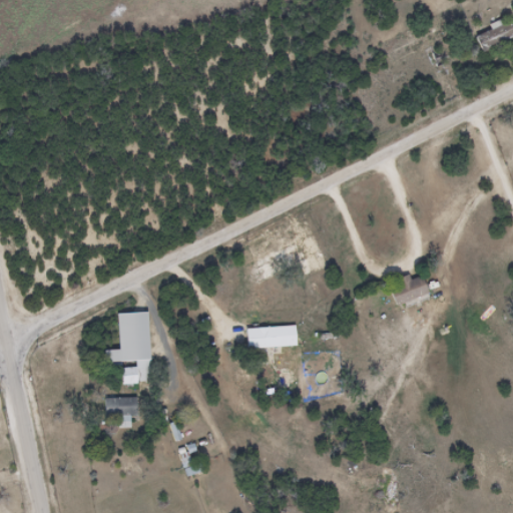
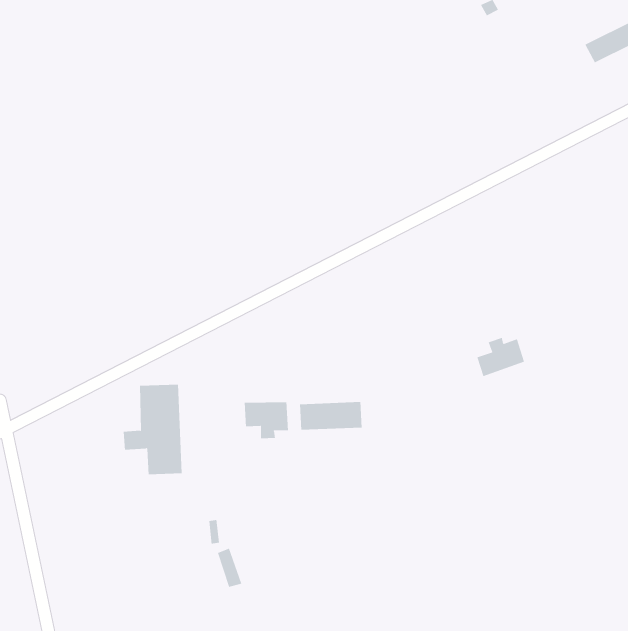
building: none -> [244,401,288,439]
building: [105,397,140,427] -> none

